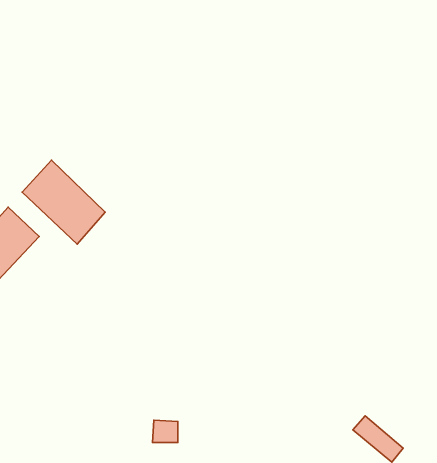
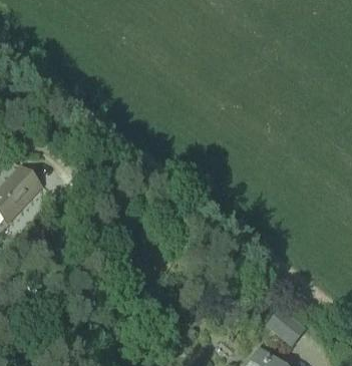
building: [22,160,105,244] -> none

